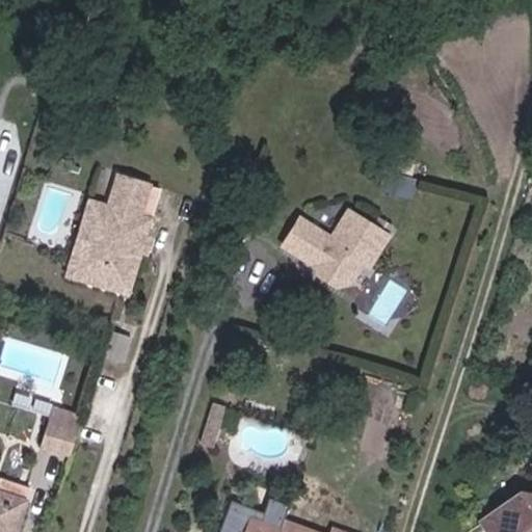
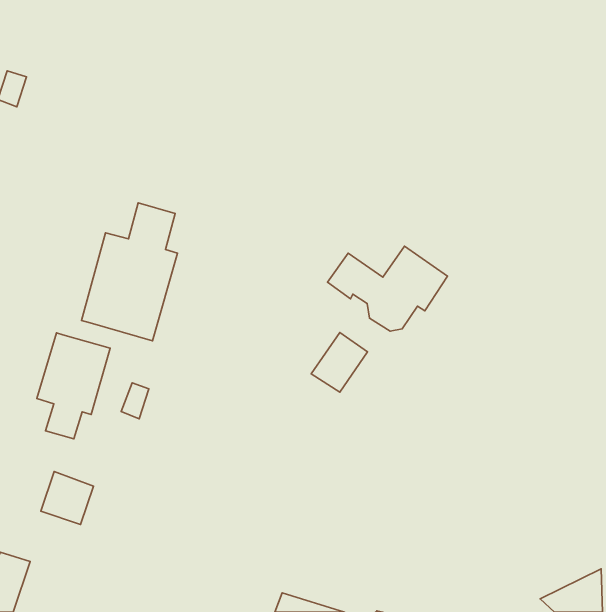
building: none -> [311,332,368,392]
building: none -> [37,333,110,439]

